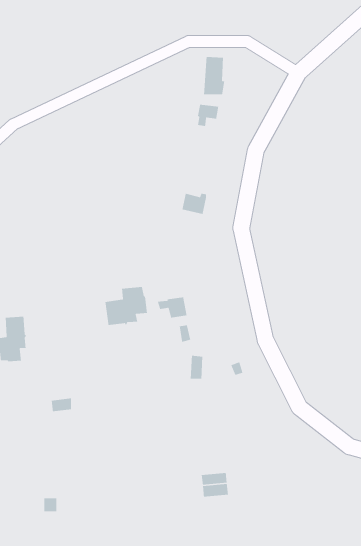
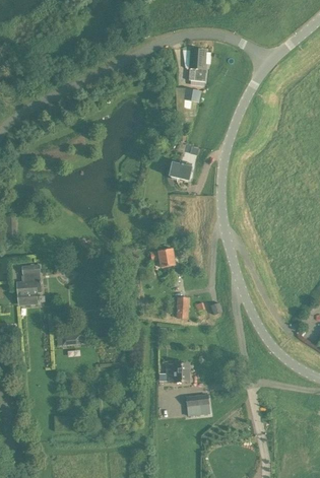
building: [104,286,148,326] -> none
building: none -> [166,363,189,381]

